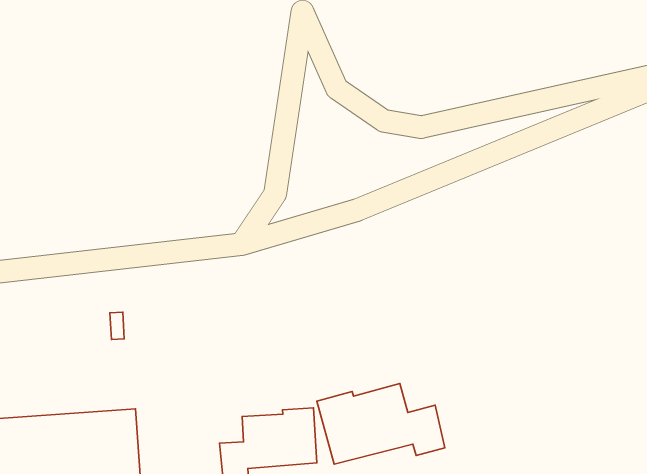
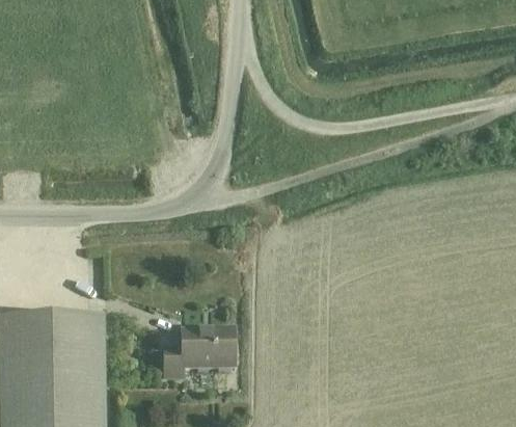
building: [317,384,445,464] -> none

